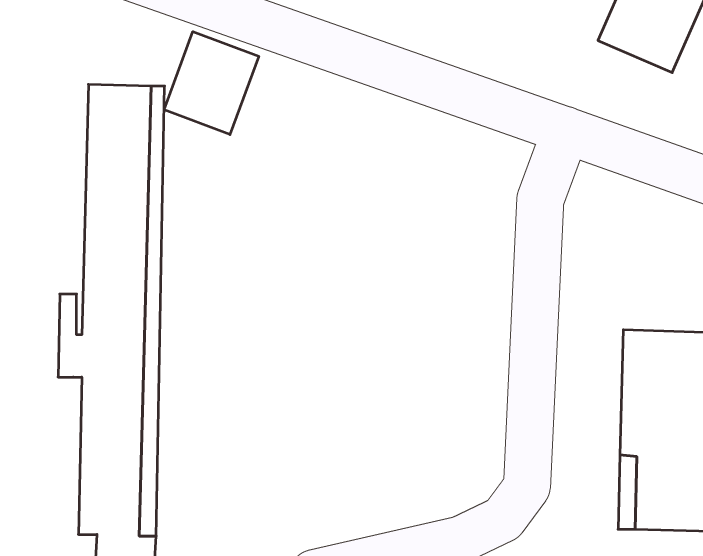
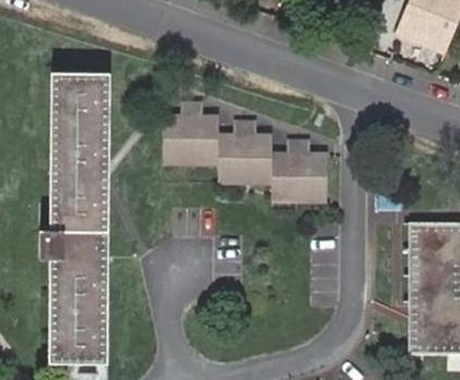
building: [164,32,259,135] -> none
building: none -> [168,97,326,199]

